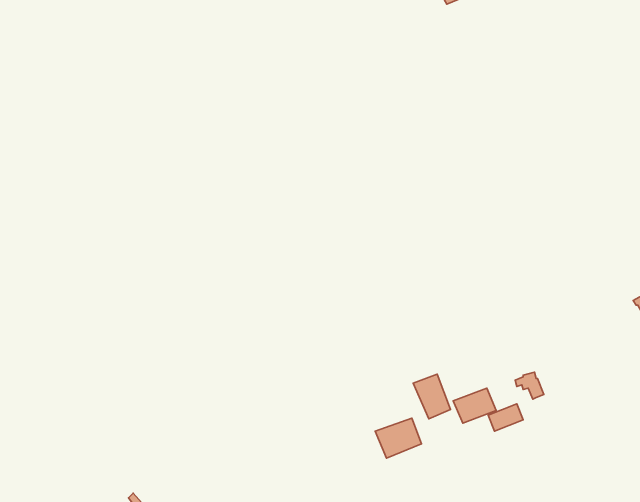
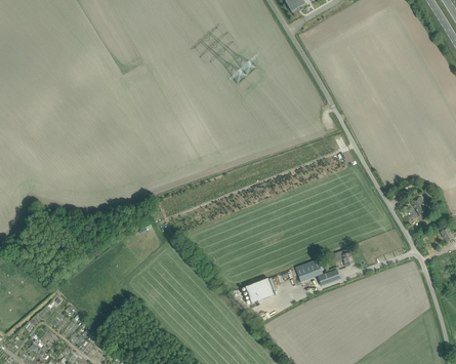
building: [413,374,451,419] -> none

